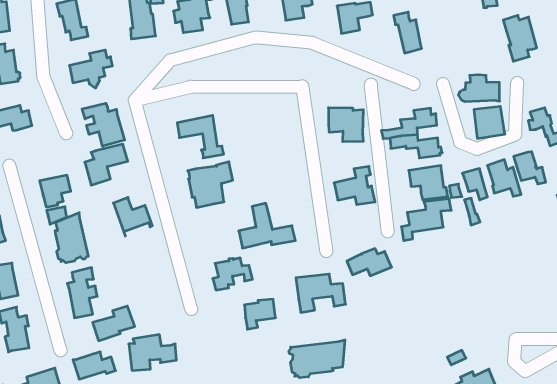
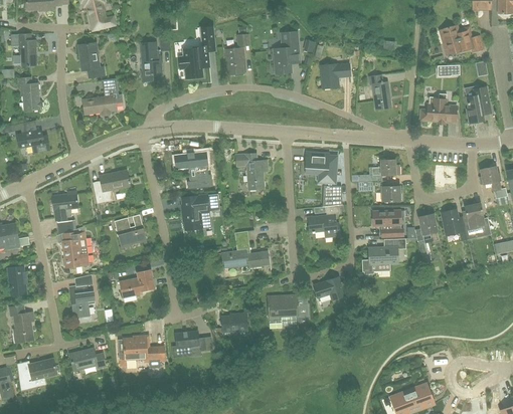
building: [458,75,500,101] -> [420,98,457,123]
building: [82,103,125,146] -> none
building: none -> [235,153,268,189]
building: [213,258,252,290] -> [172,331,206,357]
building: [93,306,135,341] -> [119,269,155,297]
building: [289,340,345,378] -> none

